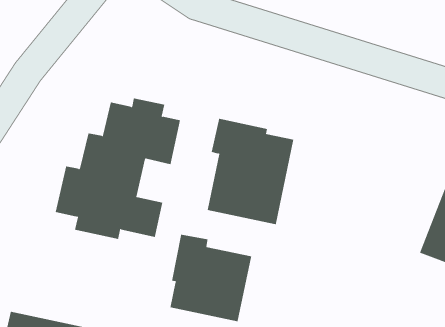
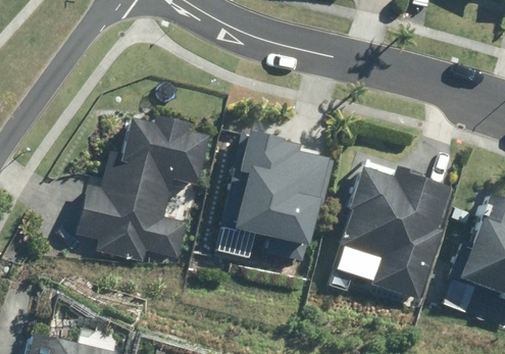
building: none -> [330,166,456,299]
building: [170,234,252,322] -> none

